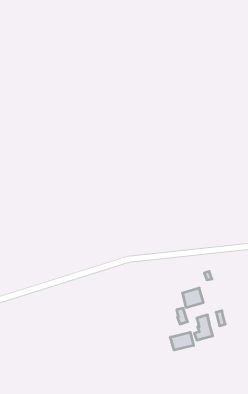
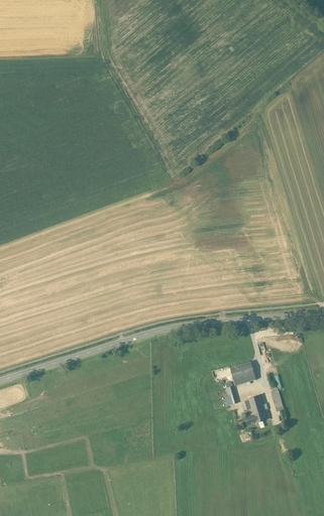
building: [170,332,194,350] -> none

